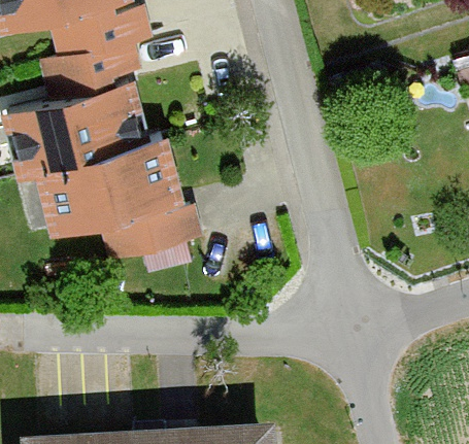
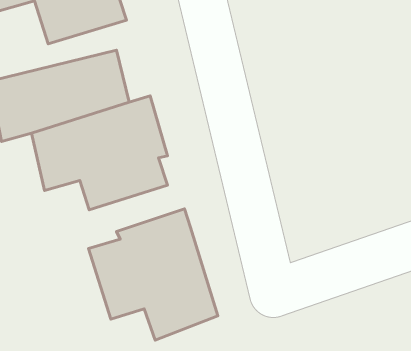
building: none -> [89,209,218,340]

